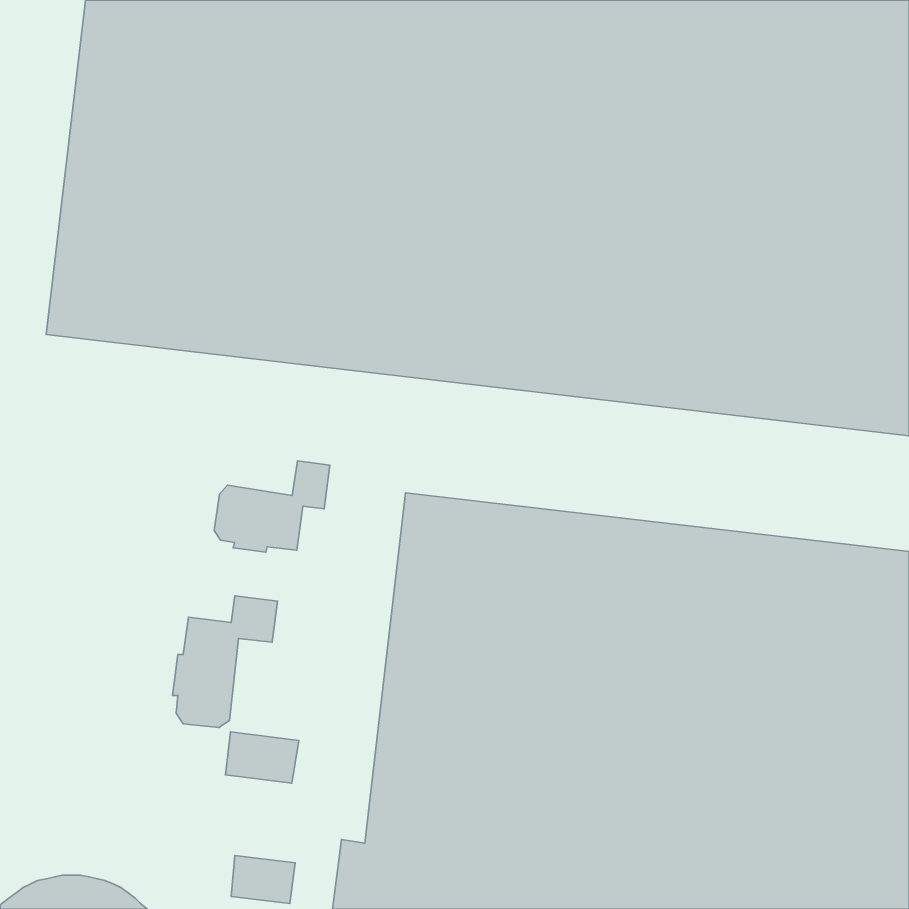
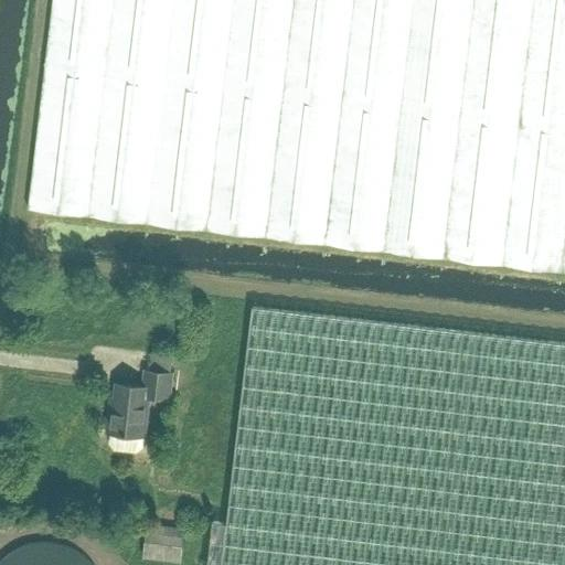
building: [214,461,330,552] -> none
building: [226,732,299,783] -> none

